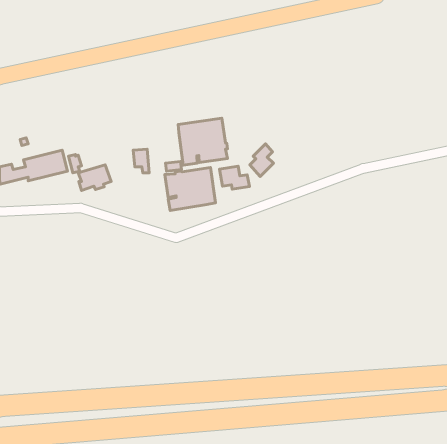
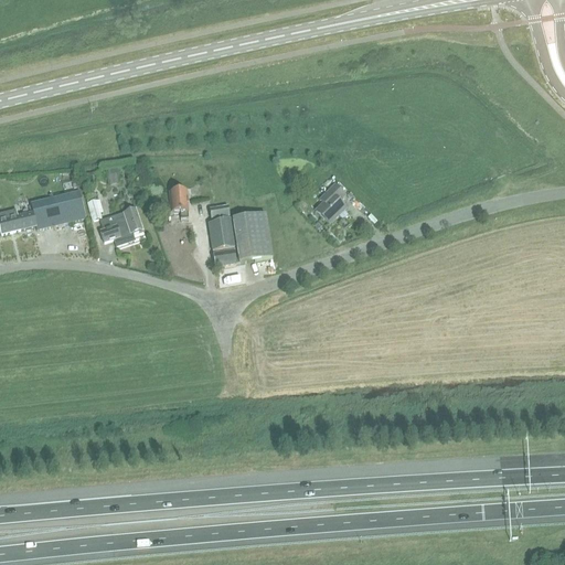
building: [178,118,228,165] -> none
building: [219,166,250,189] -> none

